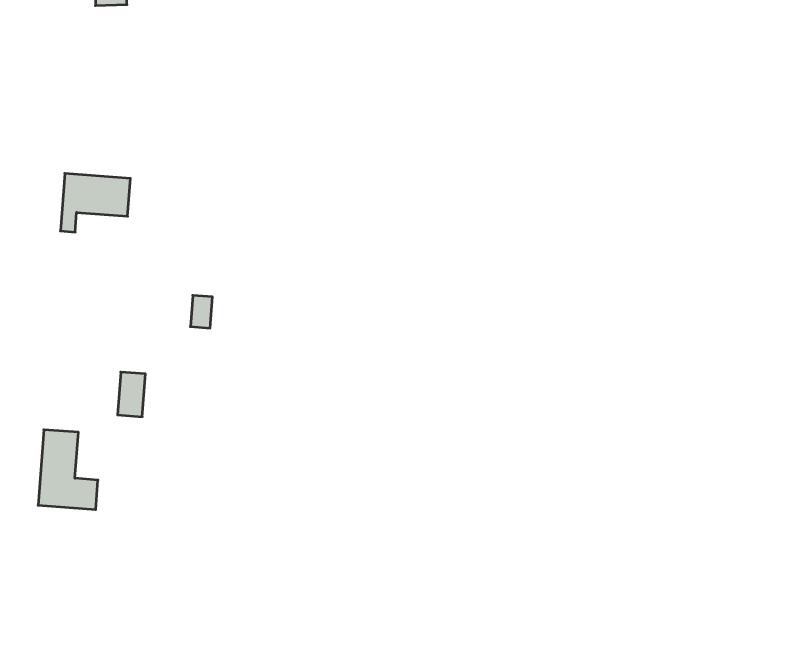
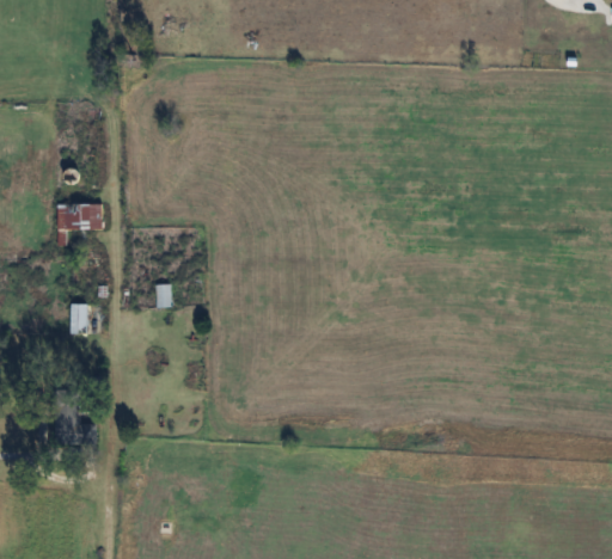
building: [118,372,145,417] -> [71,303,88,334]

